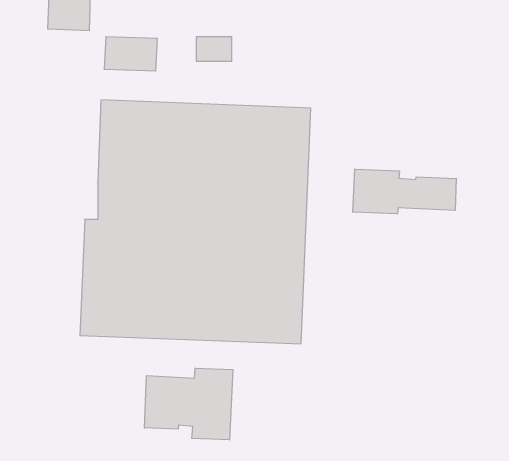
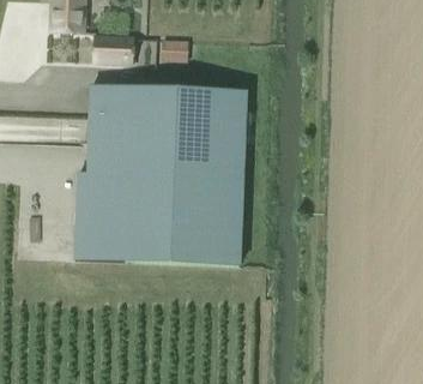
building: [353,169,456,214] -> none
building: [144,368,233,440] -> none

